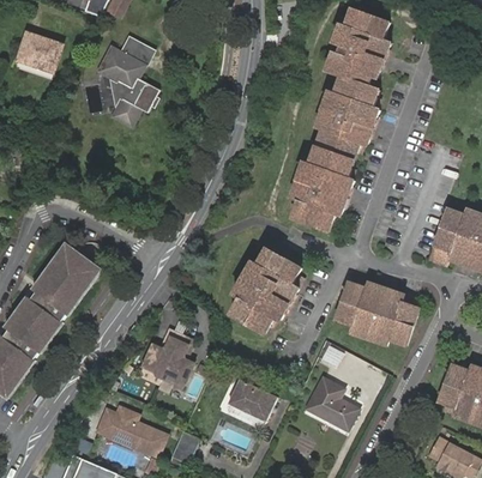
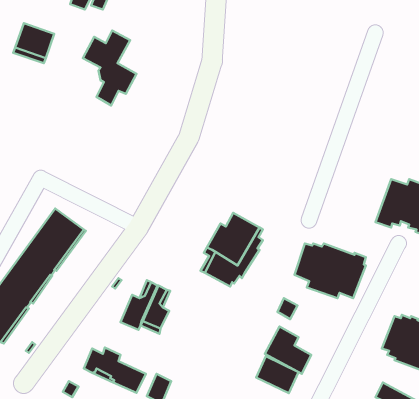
building: [293,11,396,231] -> none
building: [227,379,275,420] -> [256,356,298,393]

